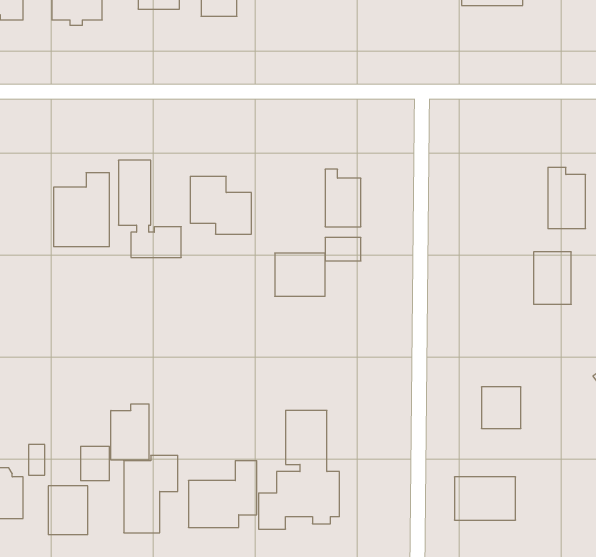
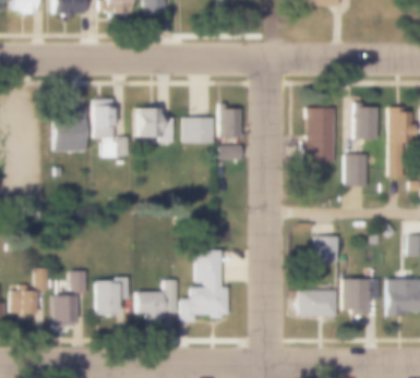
building: none -> [302,108,334,163]
building: [275,253,325,296] -> [183,117,214,143]
building: [111,404,149,460] -> none
building: none -> [343,279,379,313]

